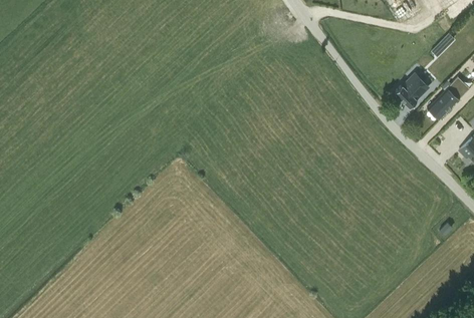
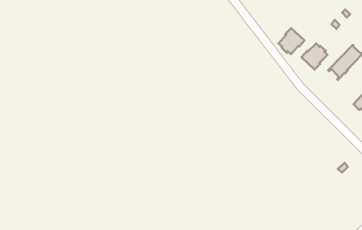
building: none -> [279,28,304,54]

